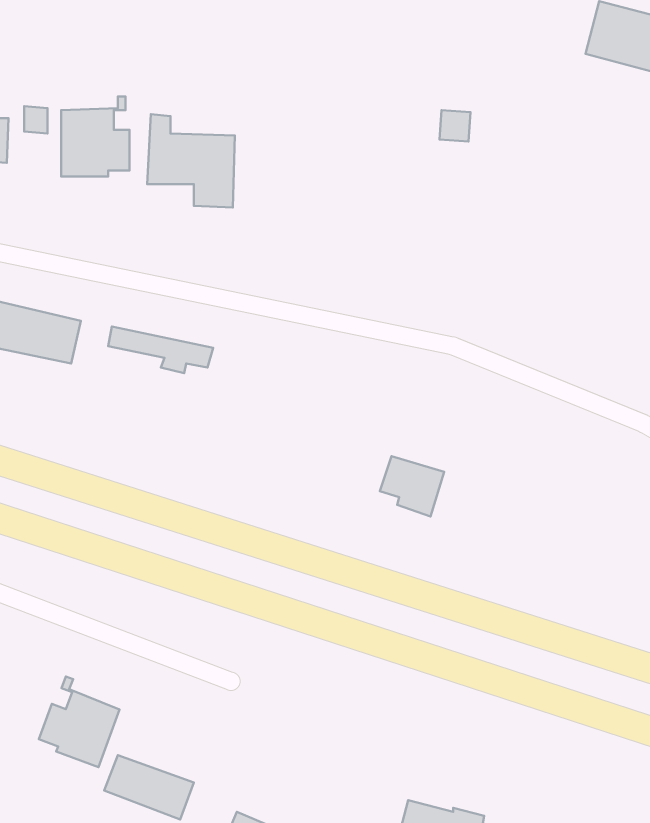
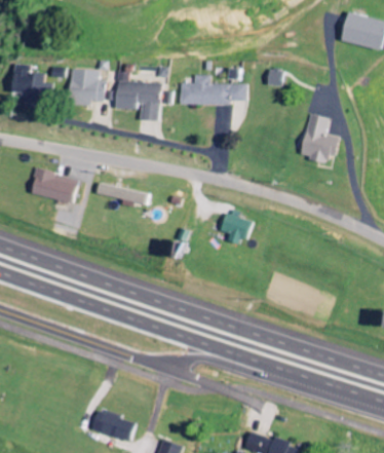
building: none -> [179,74,247,104]
building: none -> [301,113,342,162]
building: [380,456,444,517] -> [220,212,254,243]
building: [39,677,120,767] -> none

